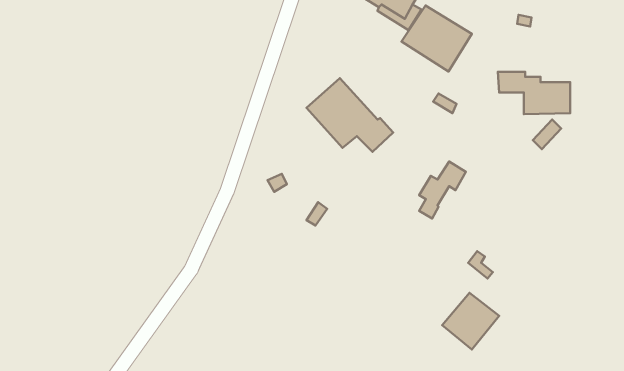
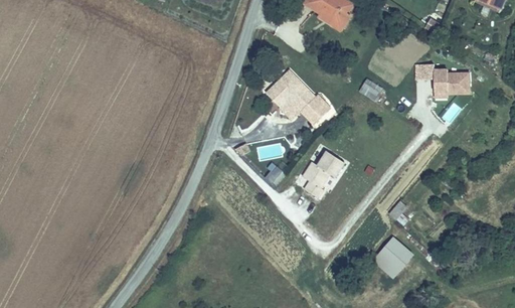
building: [402,6,472,71] -> none
building: [419,162,466,218] -> [306,153,342,197]

